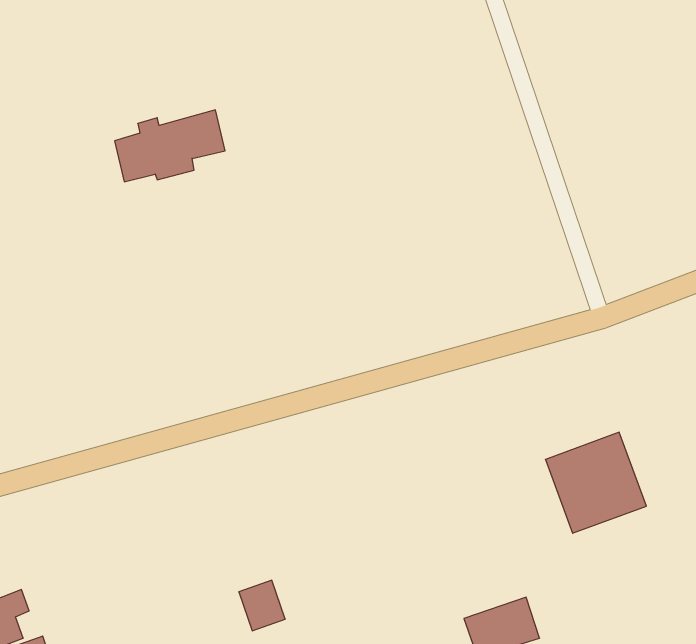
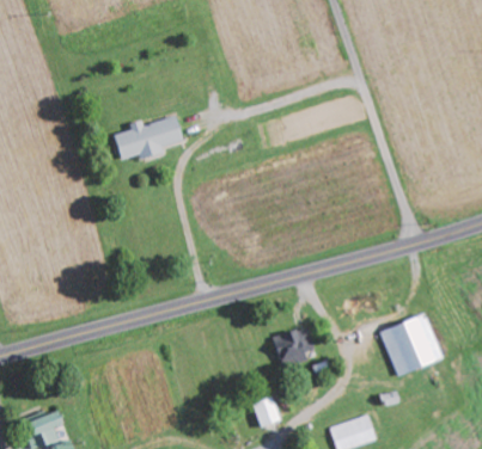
building: none -> [274,327,317,369]
building: [239,580,285,631] -> [252,396,281,428]

